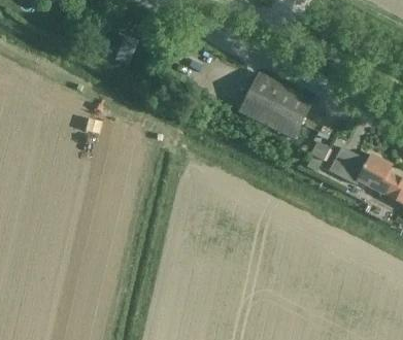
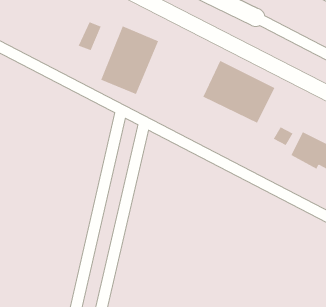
building: none -> [101,25,159,95]

